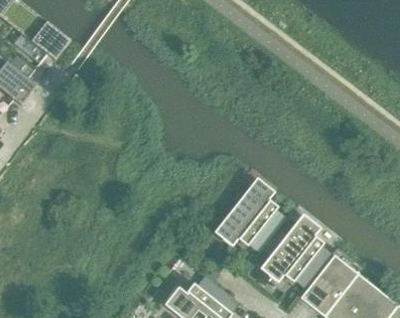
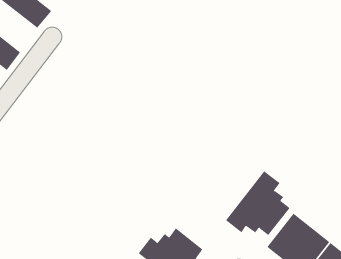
building: [214,178,285,250] -> none

